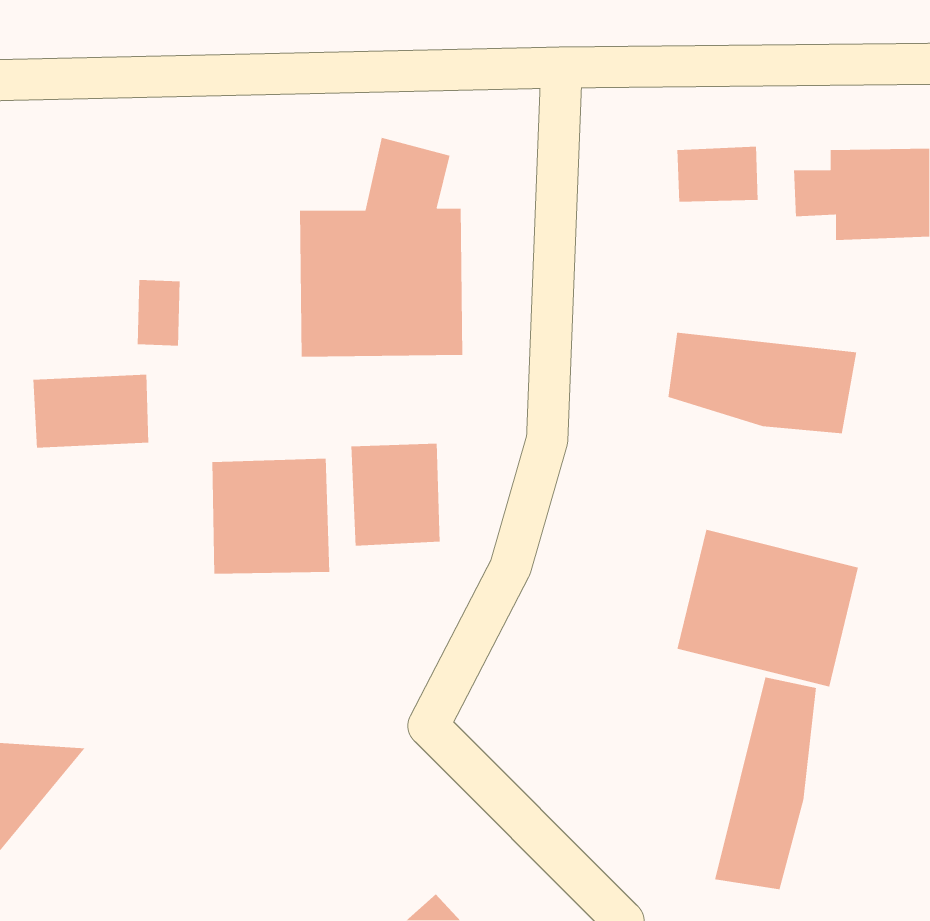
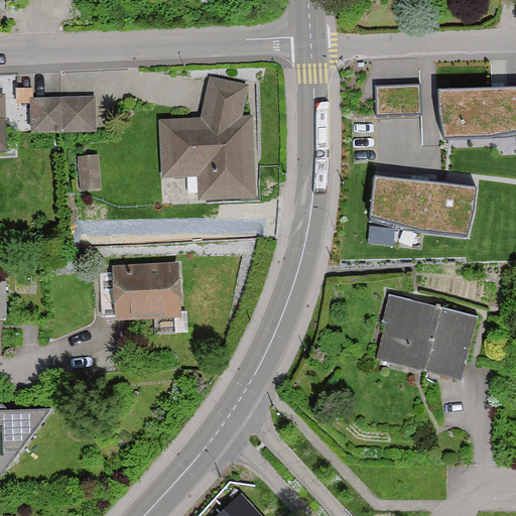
building: [32,374,149,449] -> [33,94,98,135]
building: [350,443,441,546] -> none
building: [714,677,817,890] -> none

